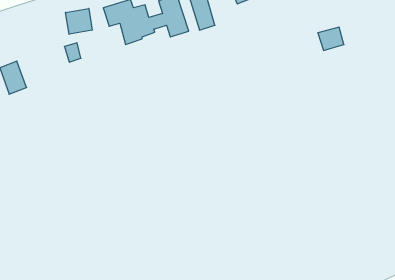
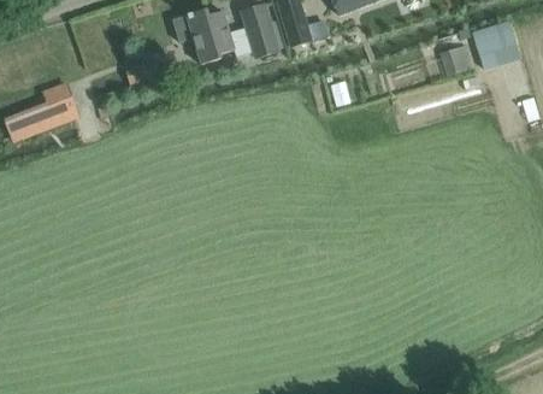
building: [66,8,92,34] -> none
building: none -> [472,20,519,69]

